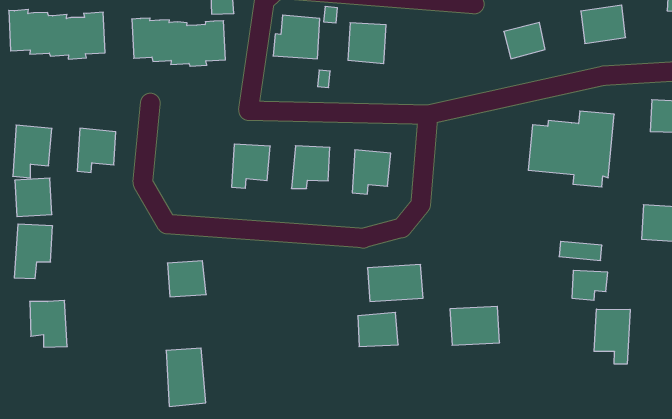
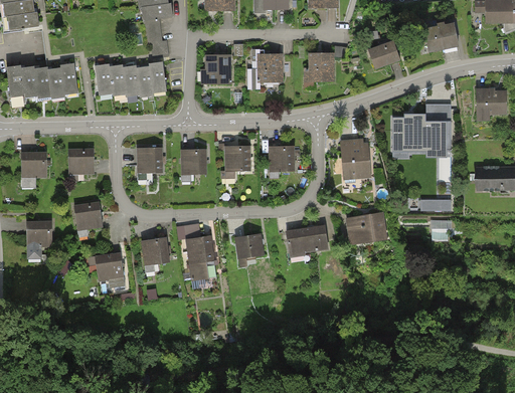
building: none -> [305,53,332,82]
building: none -> [135,148,161,180]
building: none -> [341,139,372,179]
building: [15,178,52,217] -> [72,200,102,230]
building: [30,300,67,347] -> [98,251,128,286]
building: [450,306,500,345] -> [347,211,385,242]
building: [594,309,630,364] -> none
building: [358,312,398,347] -> [232,232,264,259]
building: [166,348,206,406] -> [183,234,215,278]

